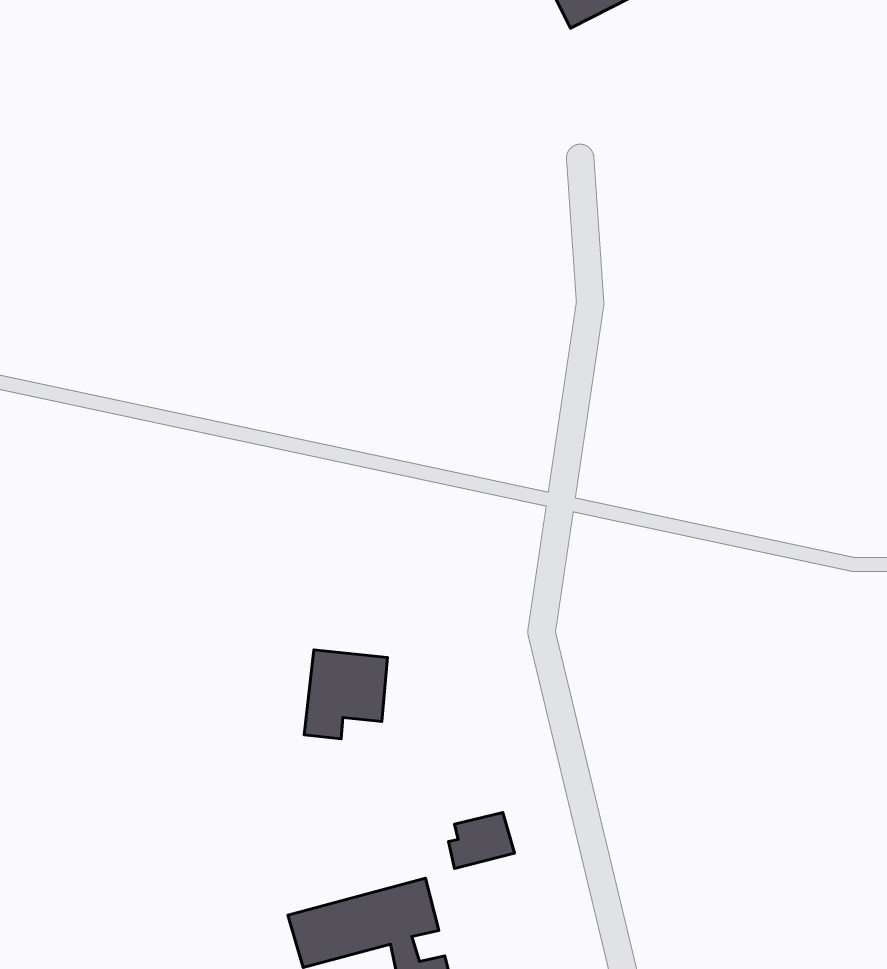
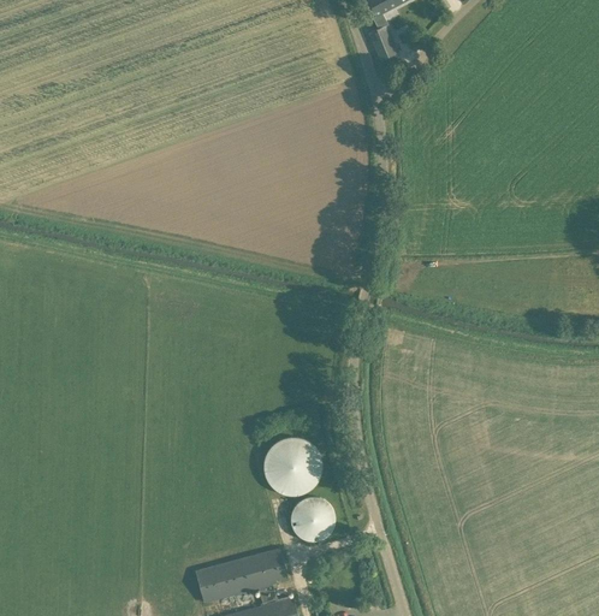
building: none -> [369,24,398,59]
building: [304,650,388,739] -> [268,436,320,491]

